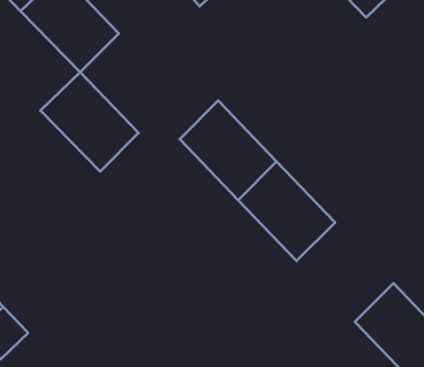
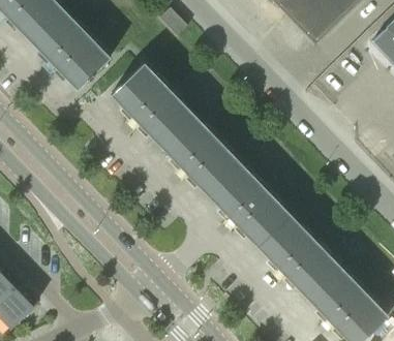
building: [40,72,139,171] -> [111,62,192,145]
building: none -> [257,214,338,297]

